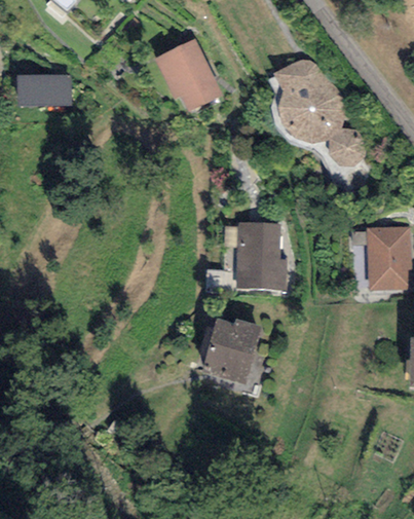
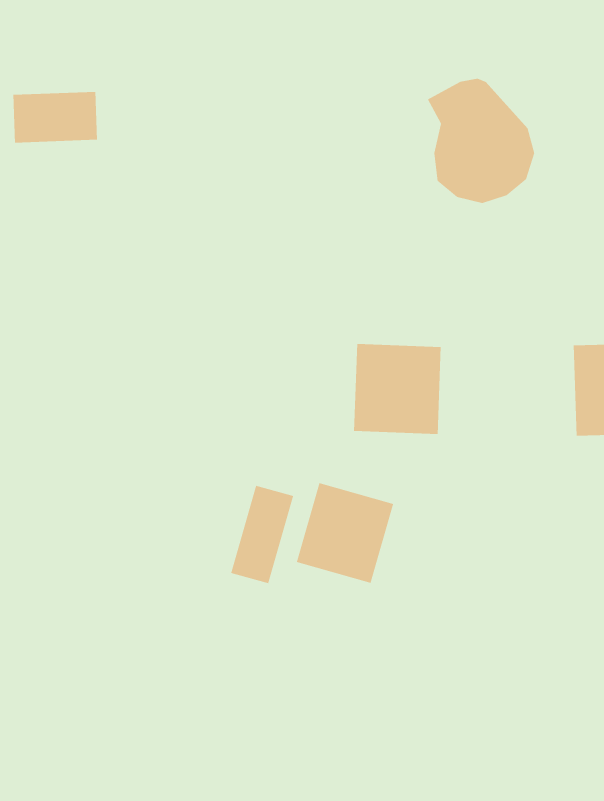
building: [157,43,221,111] -> none
building: [330,129,363,163] -> none
building: none -> [230,485,294,584]

